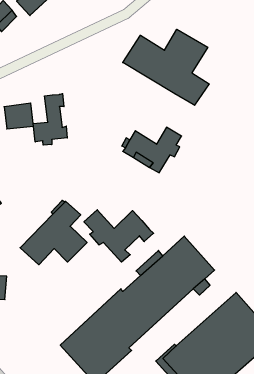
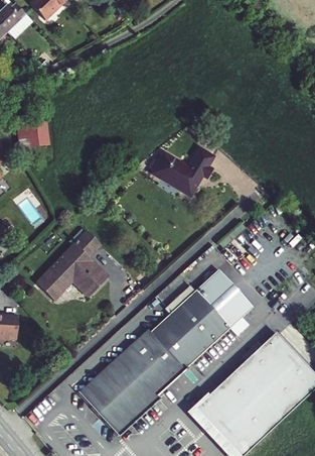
building: [123,29,209,105] -> none
building: [33,94,67,145] -> none
building: [84,210,154,262] -> none

